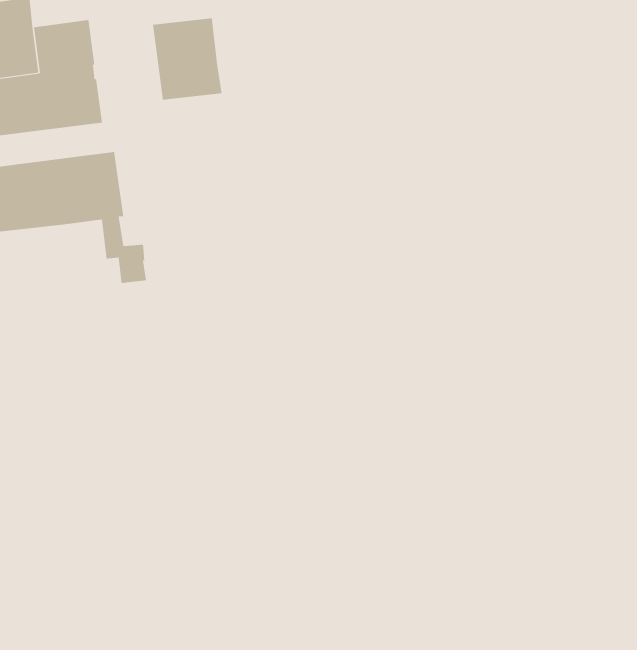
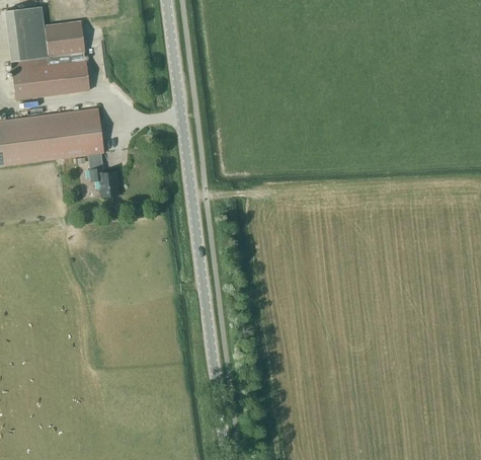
building: [152,18,222,101] -> none

